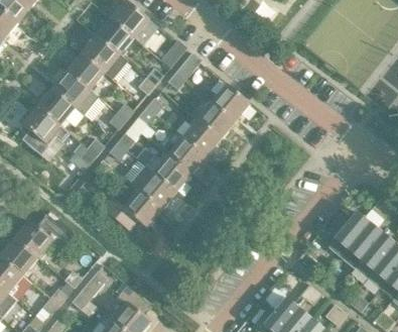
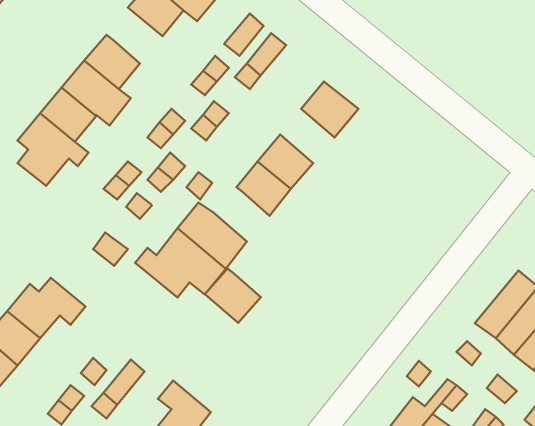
building: [82,34,126,78] -> none
building: [197,102,234,138] -> none
building: [153,154,190,191] -> [205,268,261,323]

